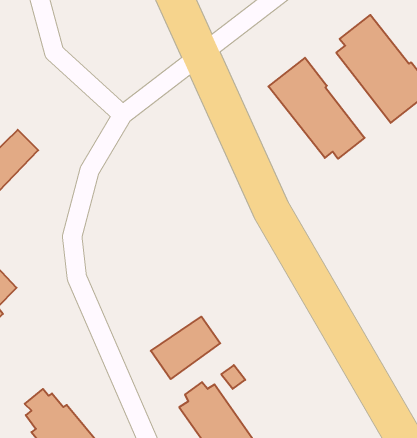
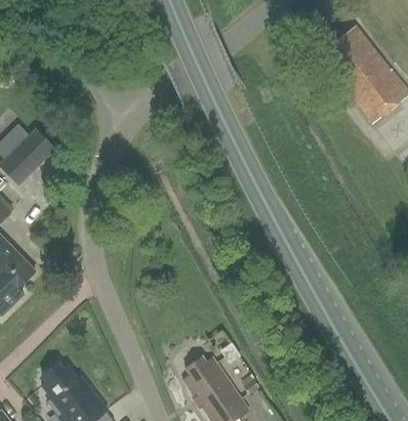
building: [268,58,365,159] -> none
building: [151,317,220,379] -> none

